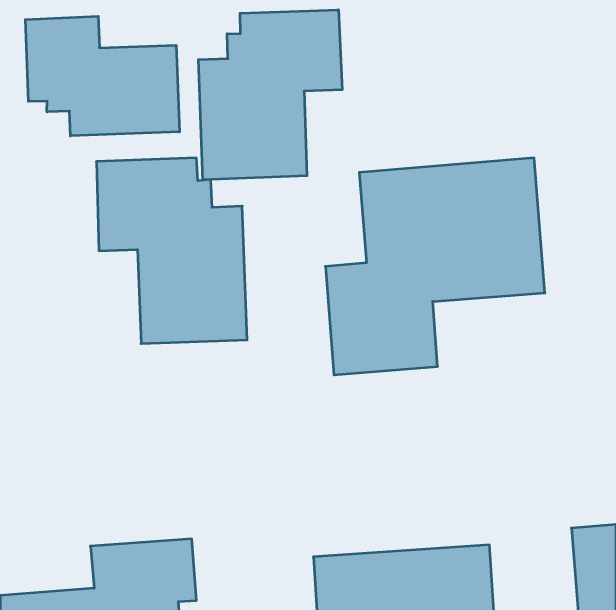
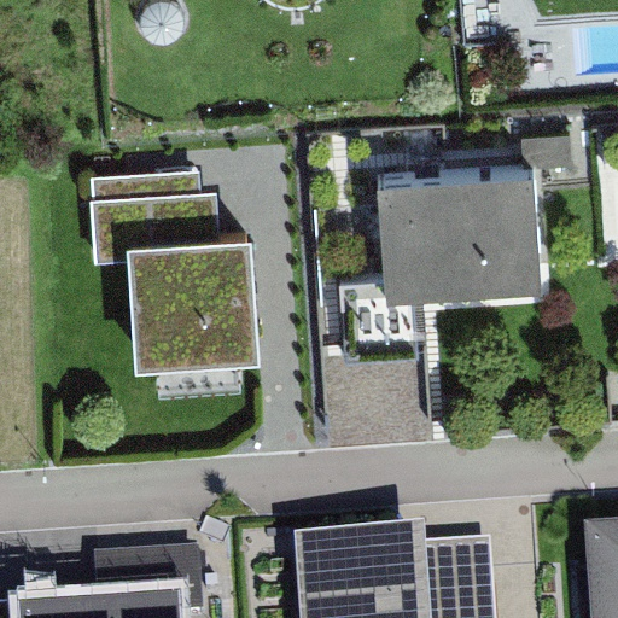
building: [198,10,342,180] -> none
building: [25,16,179,136] -> none

